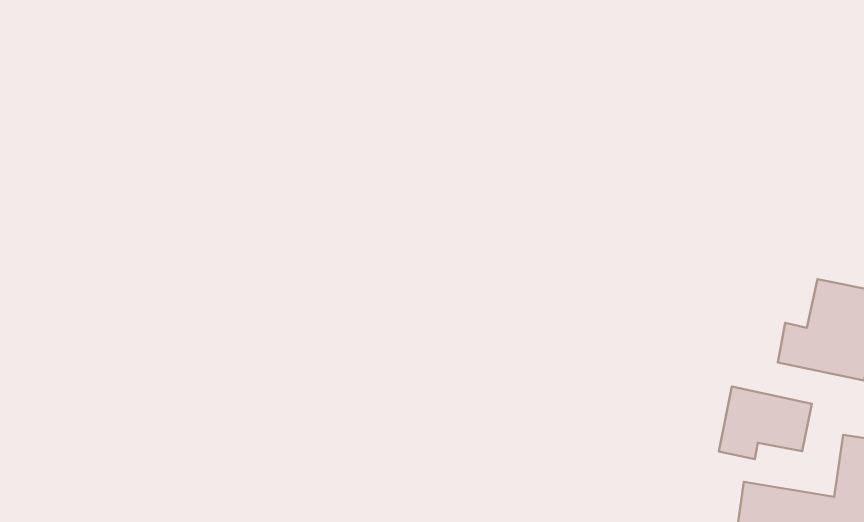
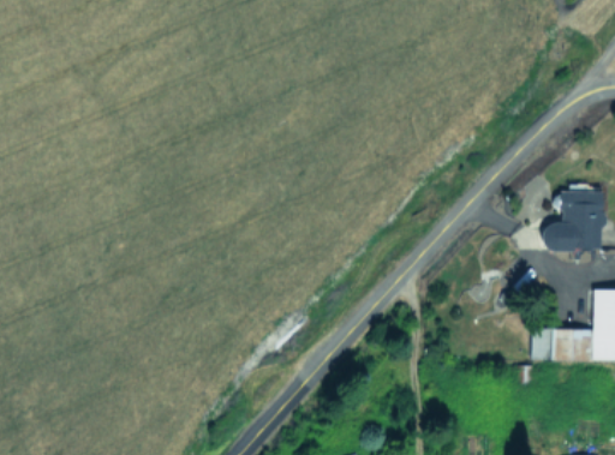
building: [719,386,812,459] -> none

